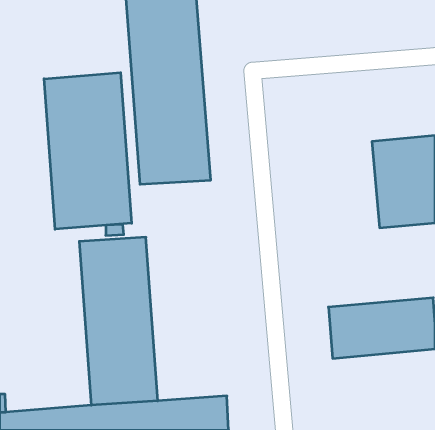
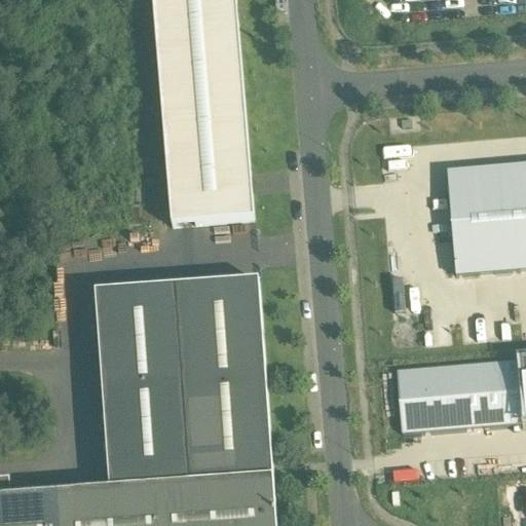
building: [44,73,132,229] -> none
building: none -> [176,279,273,483]

